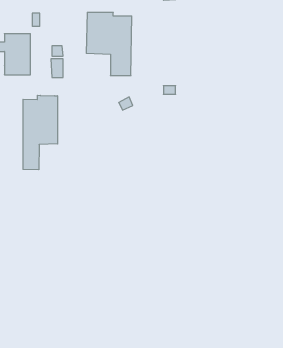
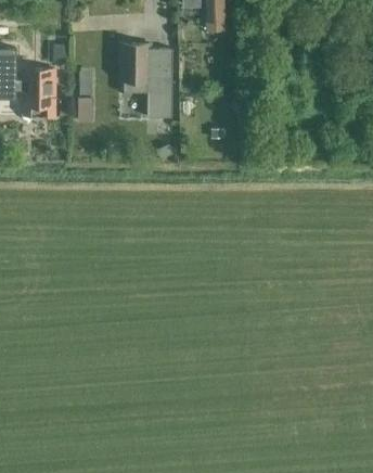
building: [23,95,58,170] -> none

